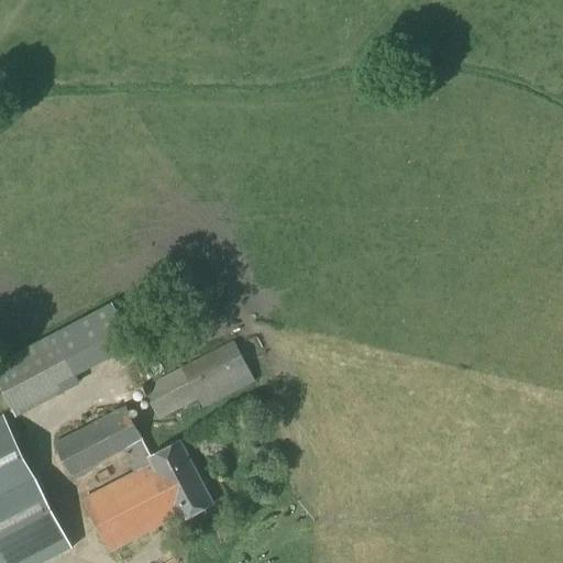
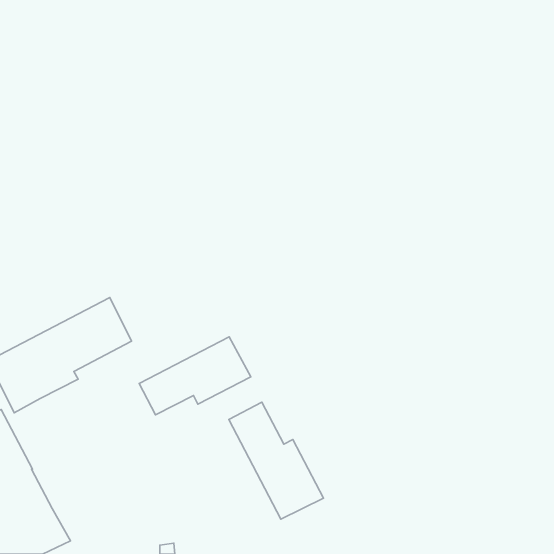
building: [52,406,211,551] -> none
building: none -> [229,402,324,519]

